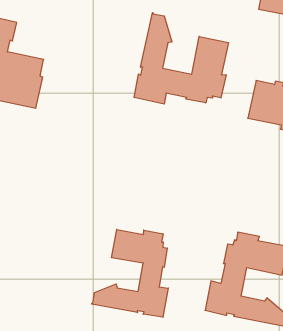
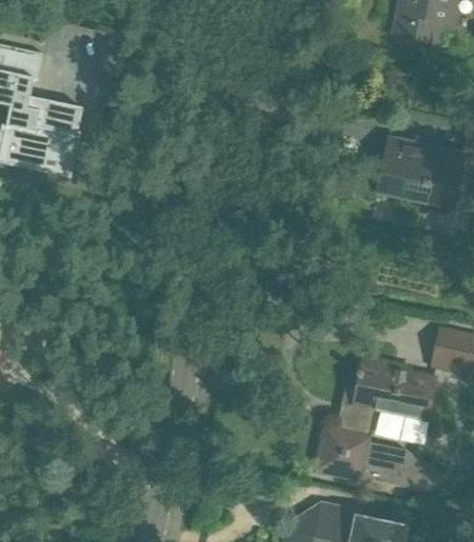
building: [134,13,228,104] -> none
building: [92,229,168,317] -> none

